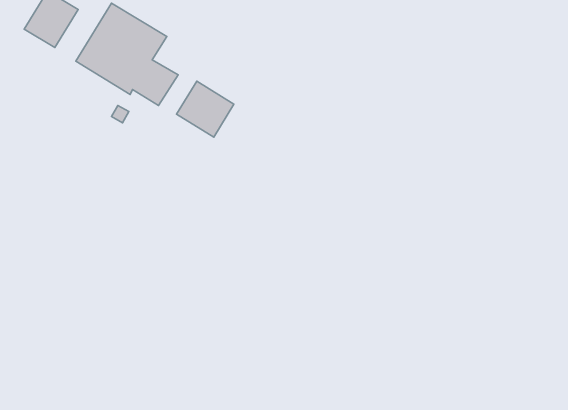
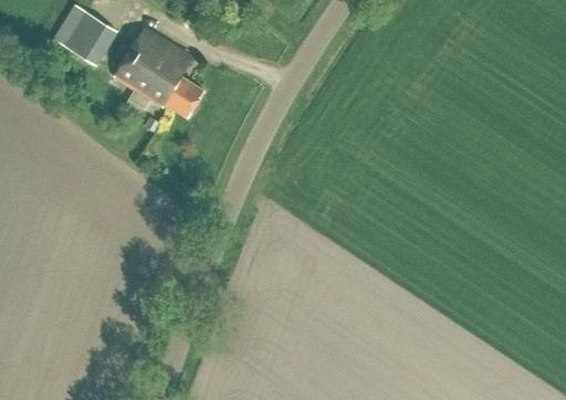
building: [177,81,234,137] -> none

